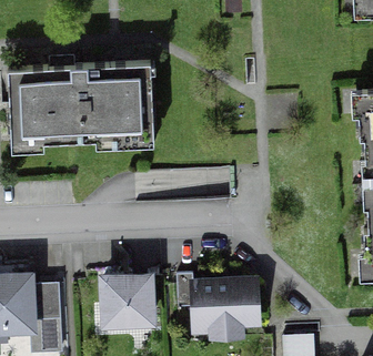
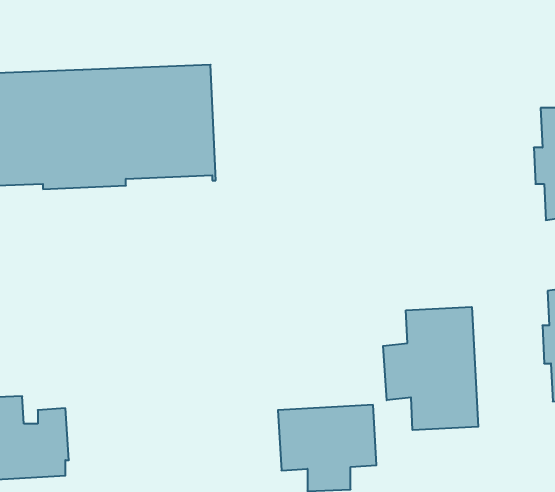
building: none -> [383,307,478,430]
building: [103,276,151,324] -> none

